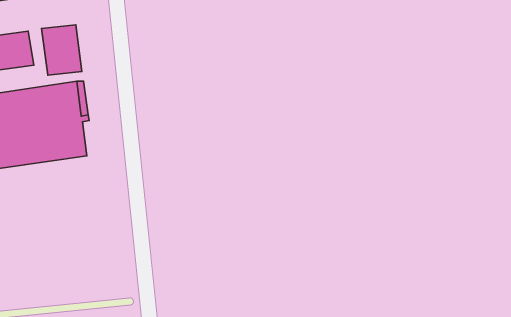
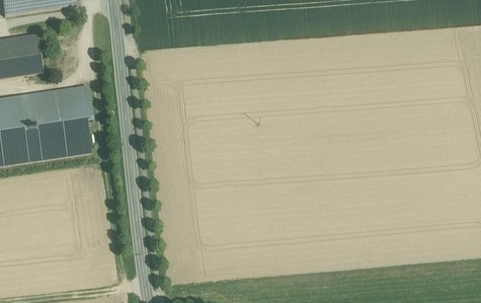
building: [41,25,82,75] -> none

